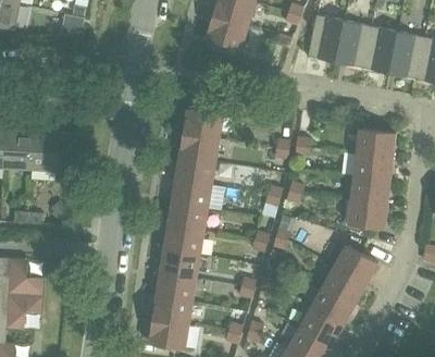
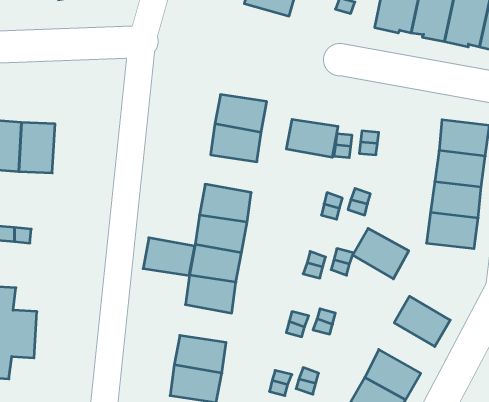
building: [175,156,215,185] -> [286,119,338,157]
building: [334,245,377,284] -> [353,228,409,279]
building: [156,272,196,301] -> [143,238,195,276]
building: [310,286,353,325] -> none

